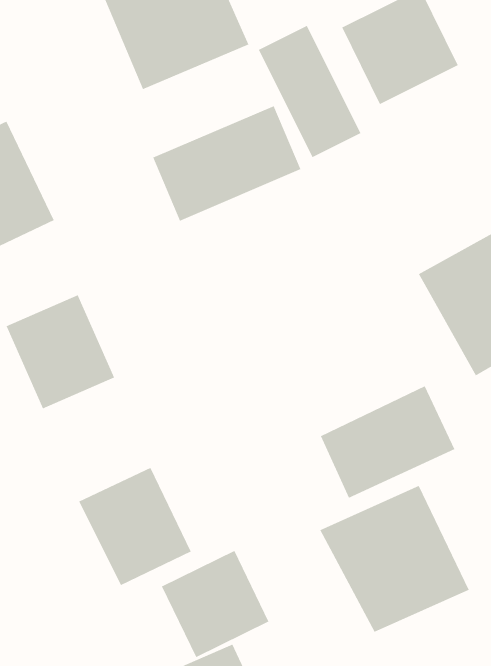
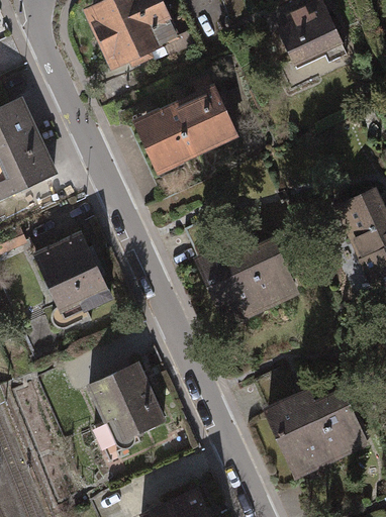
building: [258,25,362,158] -> none
building: [320,385,455,499] -> [205,243,305,327]
building: [161,550,270,658] -> none

